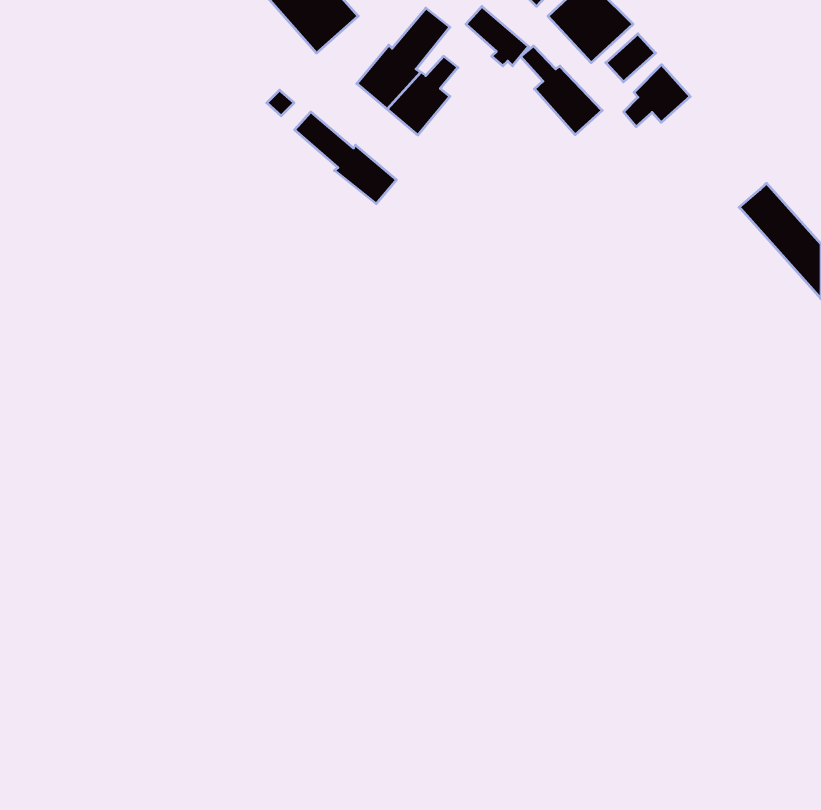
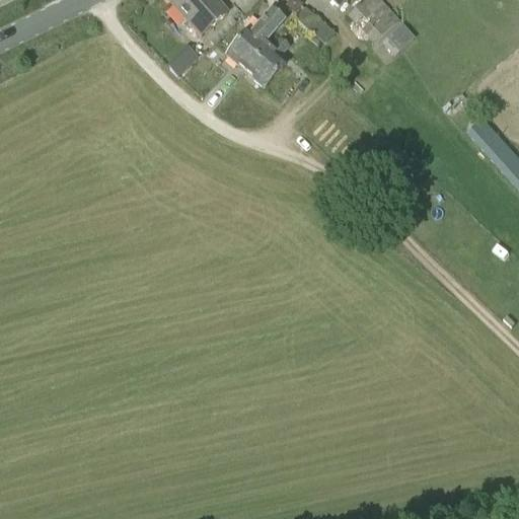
building: [520,46,602,135] -> none
building: [624,65,690,127] -> none
building: [295,112,396,204] -> none

